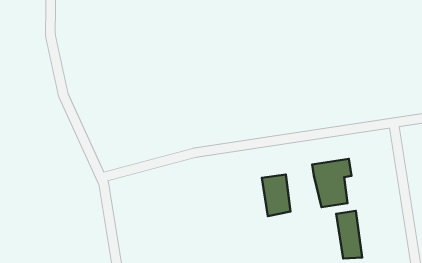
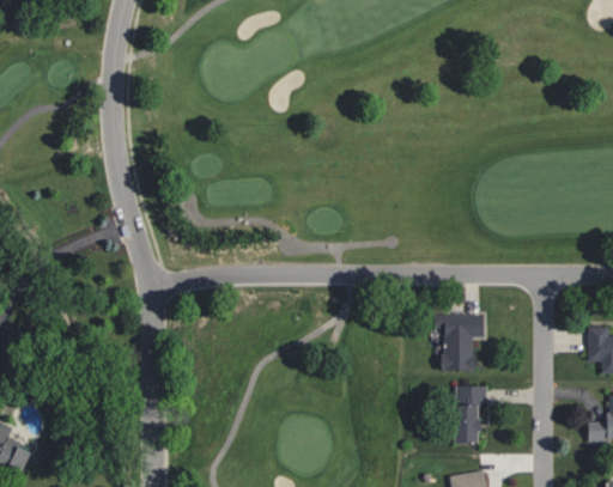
building: [262,175,290,216] -> none

